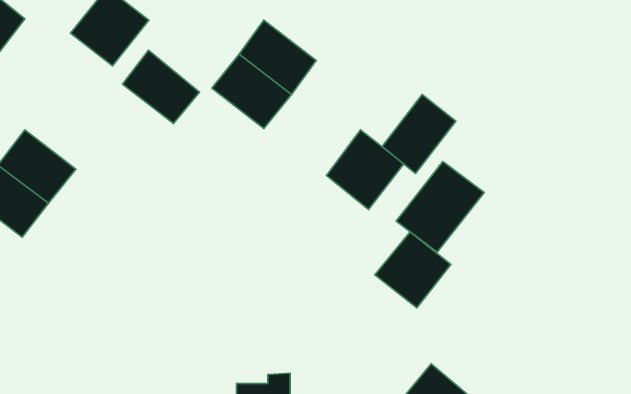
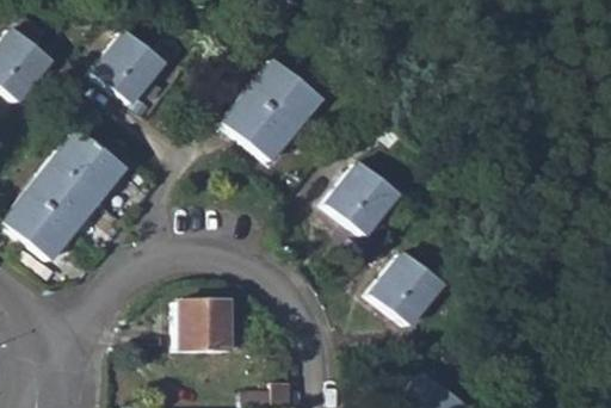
building: [122,50,200,123] -> [54,129,124,196]
building: [382,95,456,173] -> none
building: [396,161,484,252] -> none
building: none -> [178,301,230,351]

